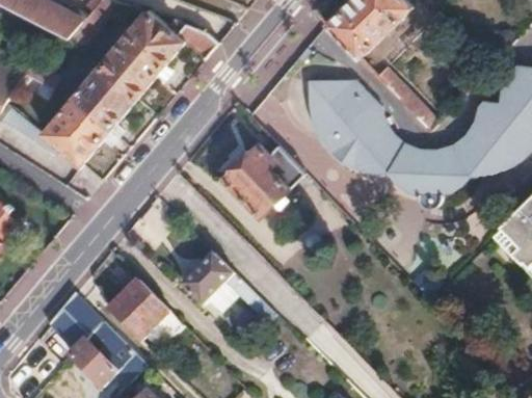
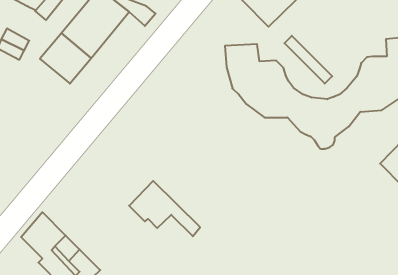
building: [44,98,109,162] -> none
building: [225,143,307,215] -> none
building: [111,280,187,338] -> none

